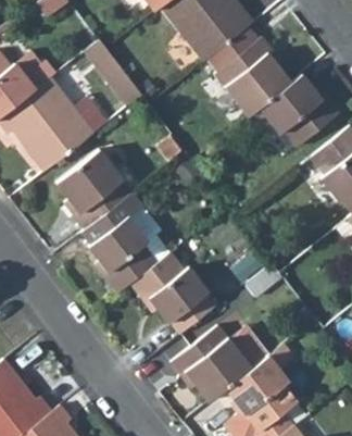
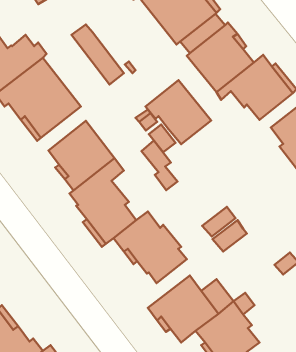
building: none -> [146,80,211,144]
building: [129,205,171,262] -> [141,141,178,190]

